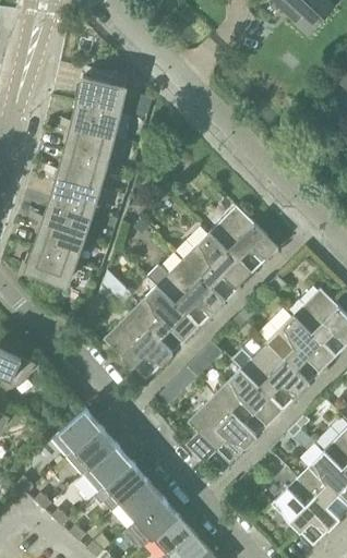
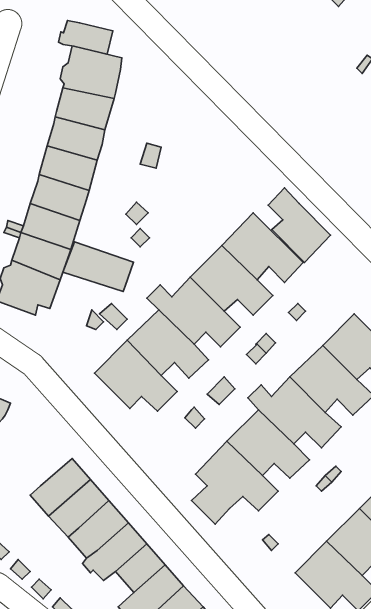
building: none -> [58,21,113,54]
building: none -> [268,188,331,262]
building: none -> [63,242,134,291]

